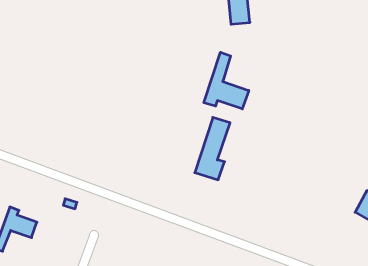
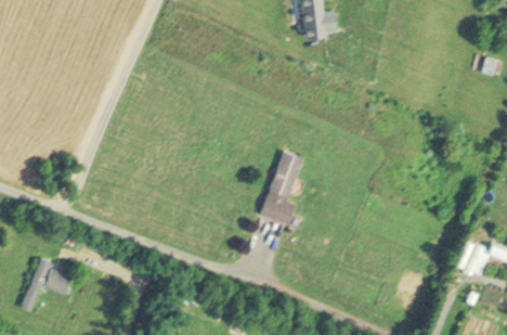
building: [204,52,249,109] -> none

